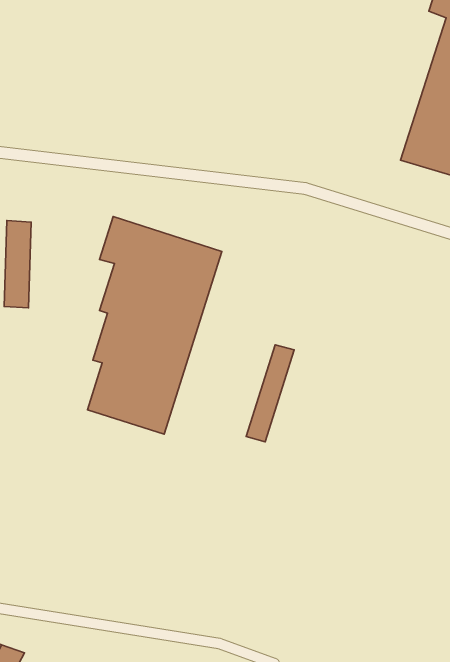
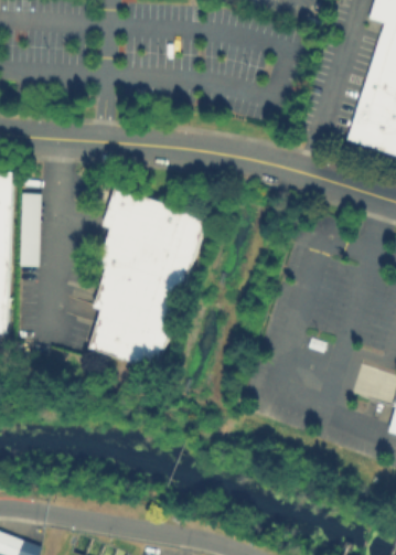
building: [246,345,294,442] -> none

